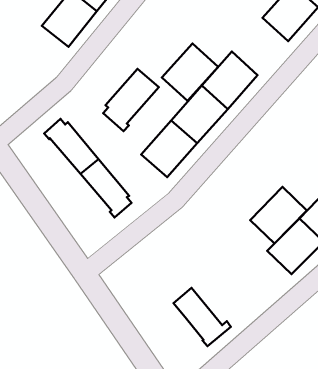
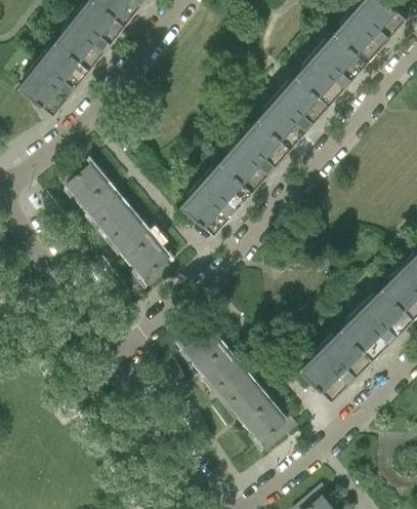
building: none -> [19,42,89,114]
building: [162,43,218,101] -> [296,32,368,105]
building: [103,69,159,131] -> none
building: [250,187,307,244] -> [300,327,372,399]
building: none -> [176,324,245,394]

